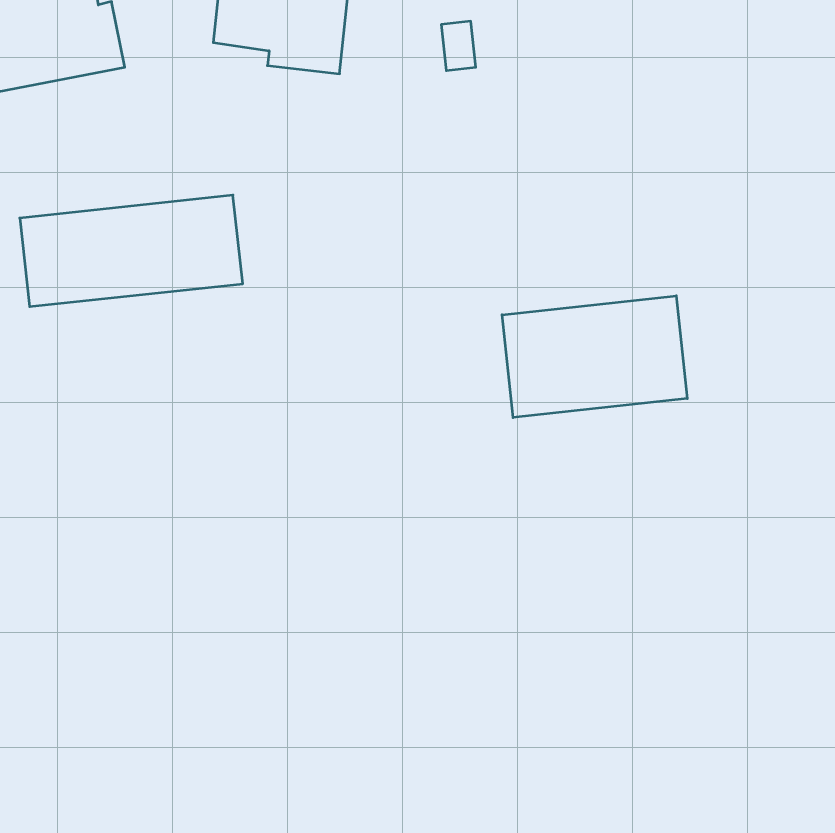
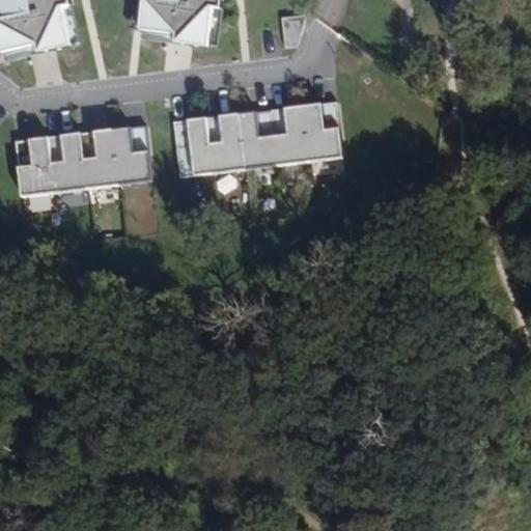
building: none -> [172,104,339,176]
building: [502,296,687,418] -> none

